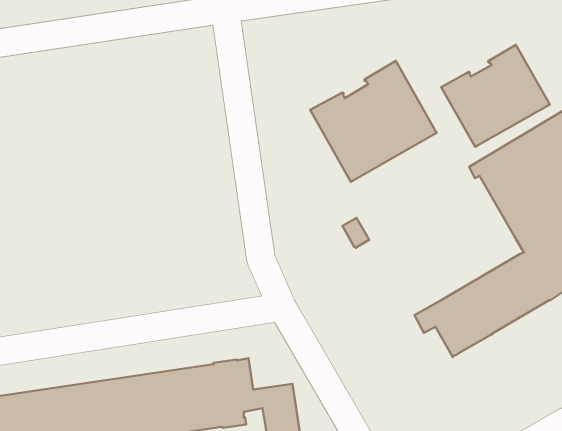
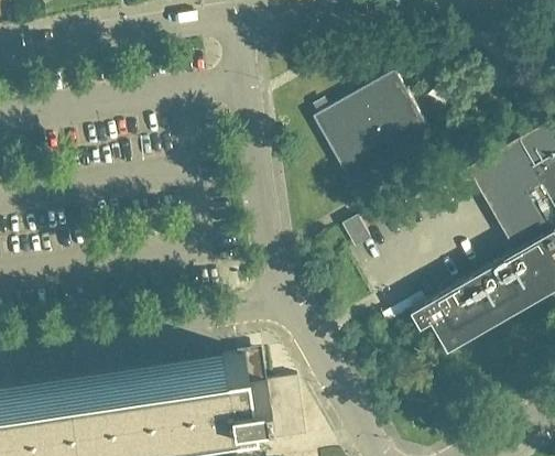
building: [441,45,550,147] -> none

